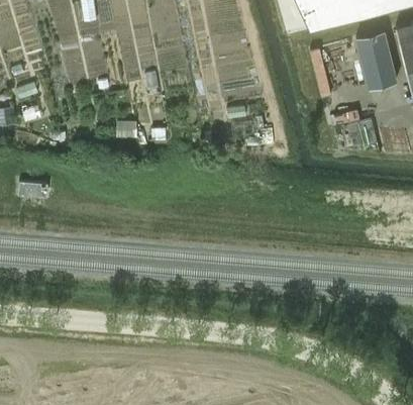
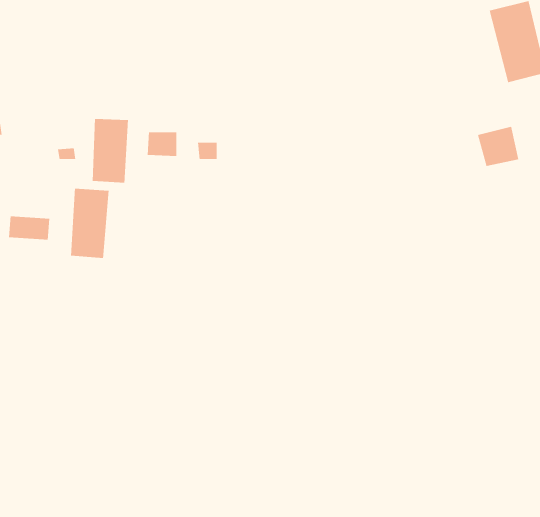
building: none -> [92,118,128,183]
building: none -> [70,188,109,259]

